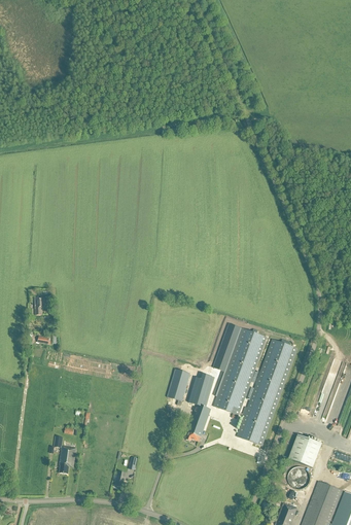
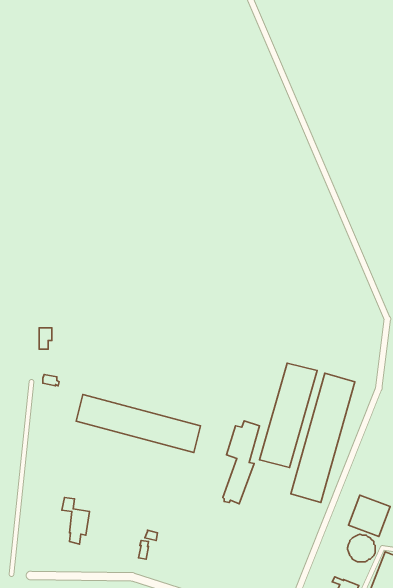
building: none -> [76,394,201,453]
building: [166,370,188,401] -> none

